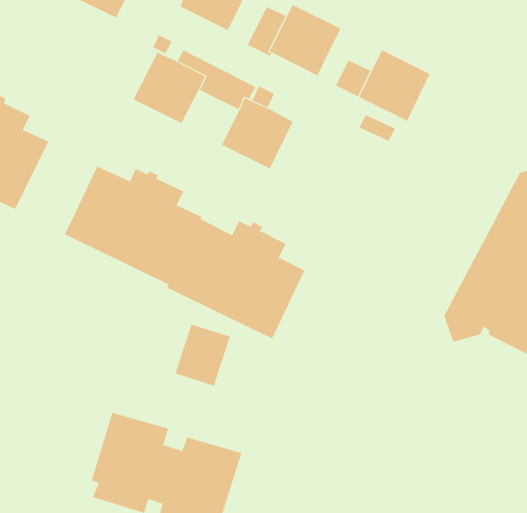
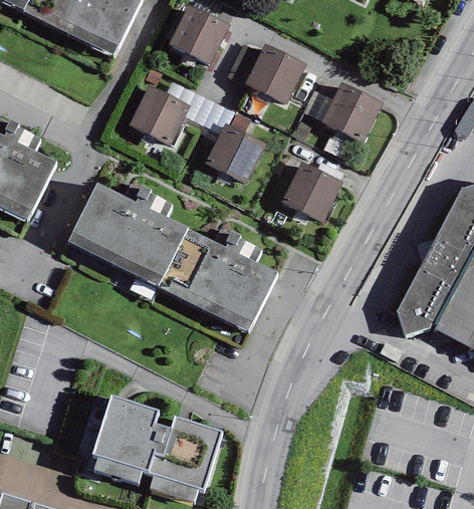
building: none -> [280,162,342,224]
building: [175,324,231,386] -> none

